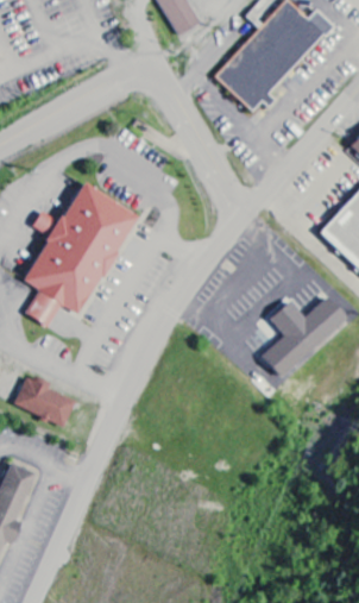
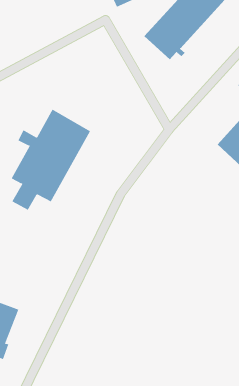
building: [263,297,347,378] -> none
building: [14,377,77,428] -> none

